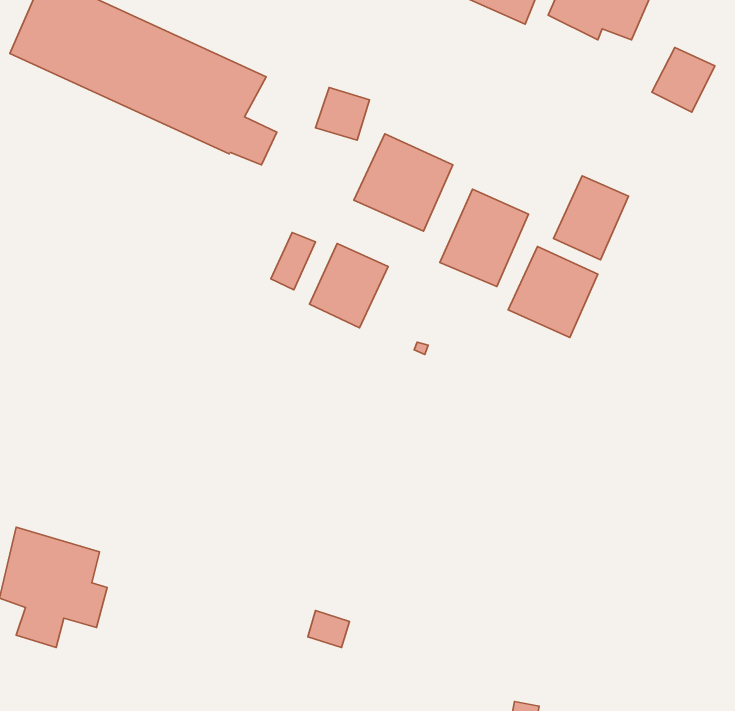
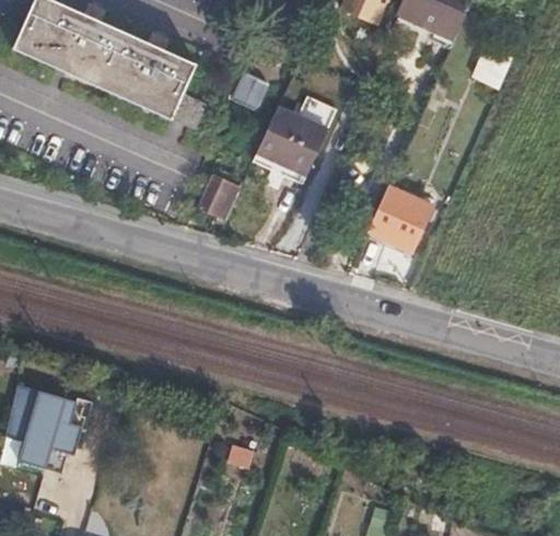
building: [554,176,629,260] -> none
building: [440,189,528,287] -> none
building: [310,244,388,328] -> none

